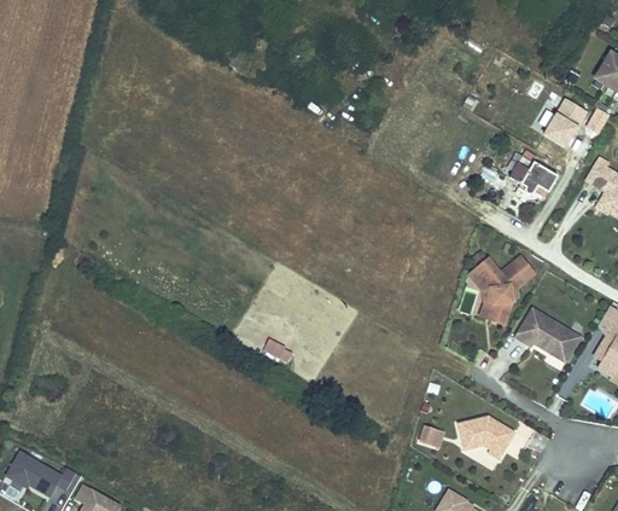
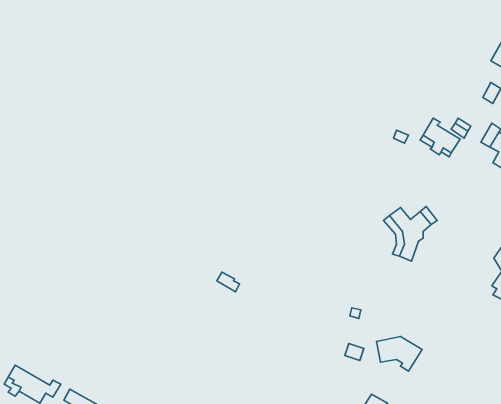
building: [543,98,587,147] -> none
building: [514,309,578,362] -> none

